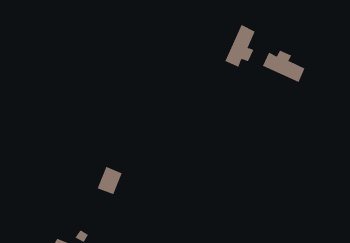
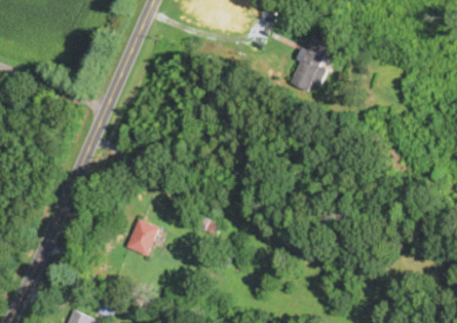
building: [262,50,305,83] -> none

